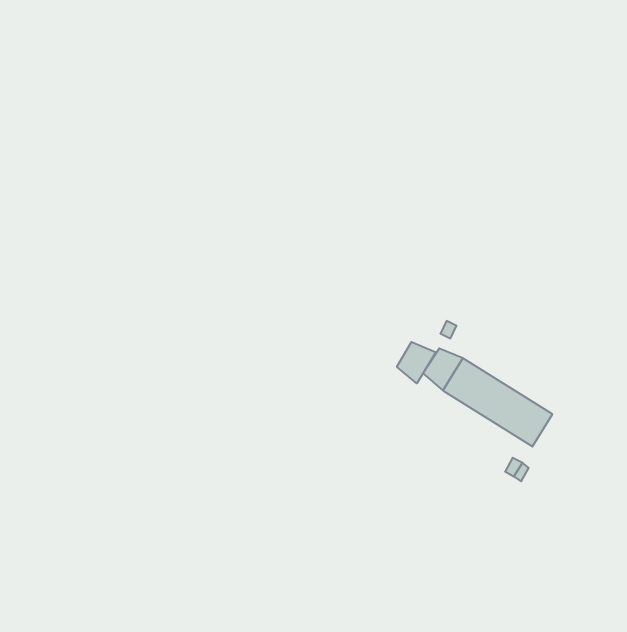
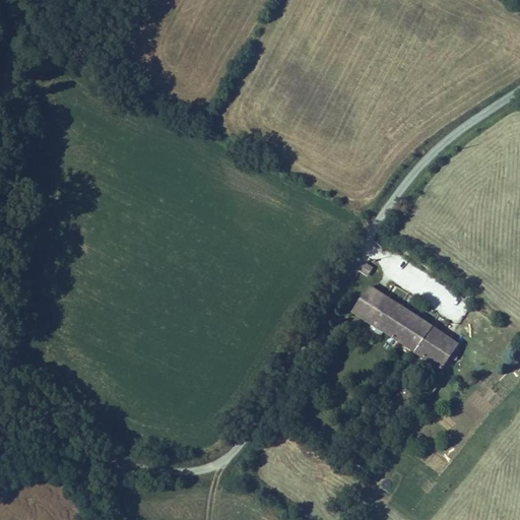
building: [397,342,436,383] -> none

